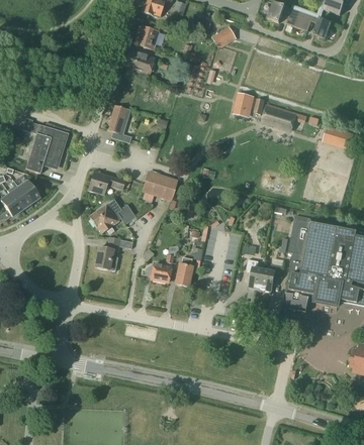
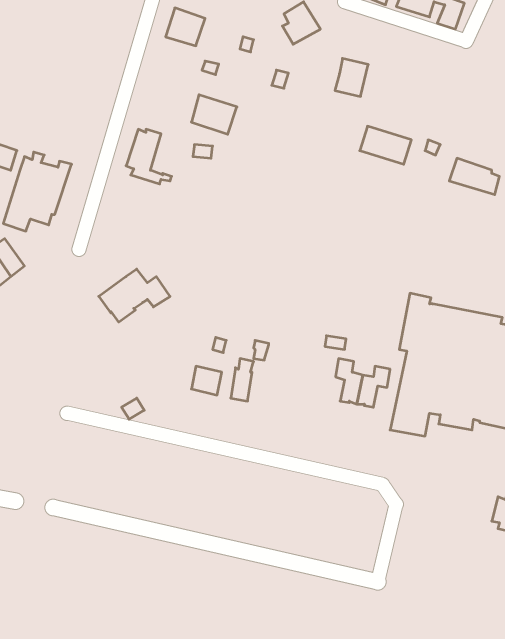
building: [124,50,155,77] -> [191,95,237,134]
building: [232,92,254,117] -> [335,58,368,96]
building: [87,172,124,195] -> none
building: [141,172,177,202] -> none
building: [94,237,131,271] -> none

